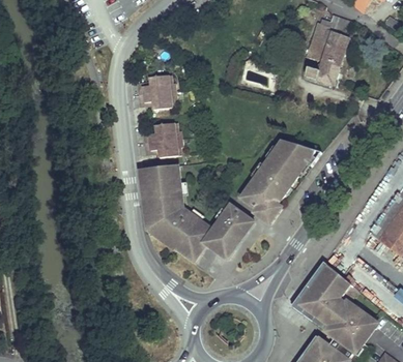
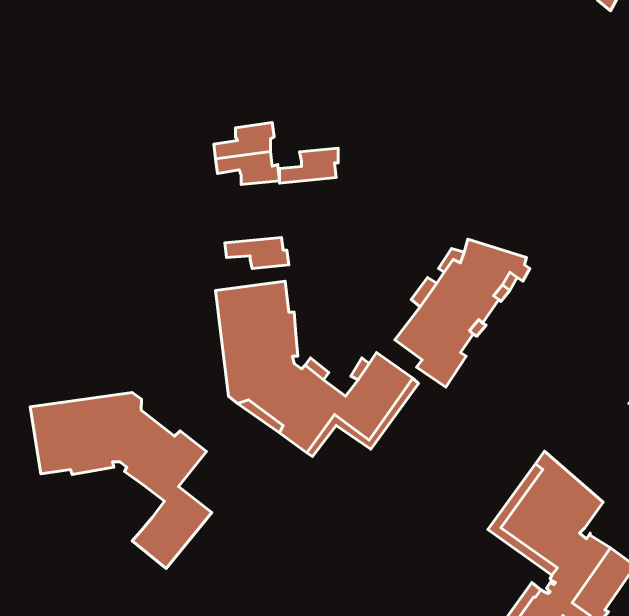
building: [306,13,351,84] -> none
building: [144,122,177,142] -> [280,148,338,183]
building: none -> [30,393,212,569]

